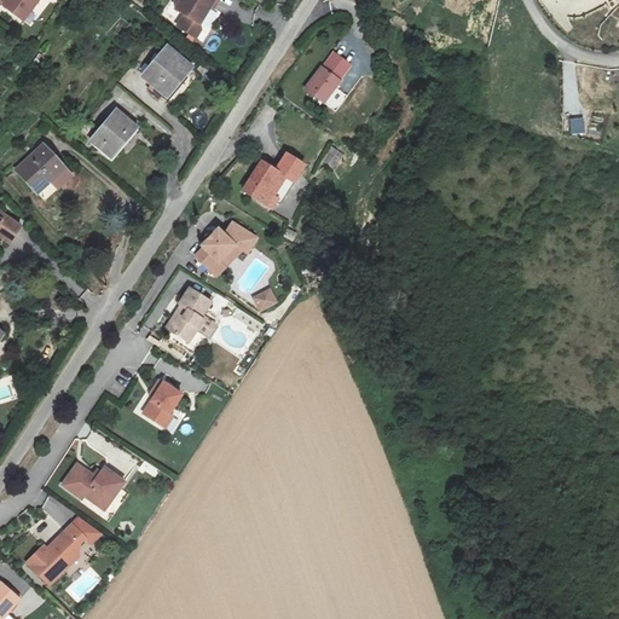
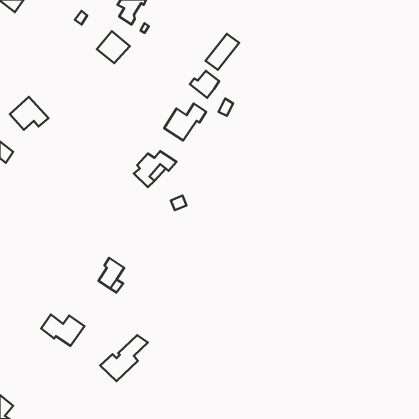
building: none -> [190,71,219,98]
building: [92,111,134,155] -> none
building: [164,287,209,342] -> none
building: [24,516,94,584] -> [100,335,148,381]

